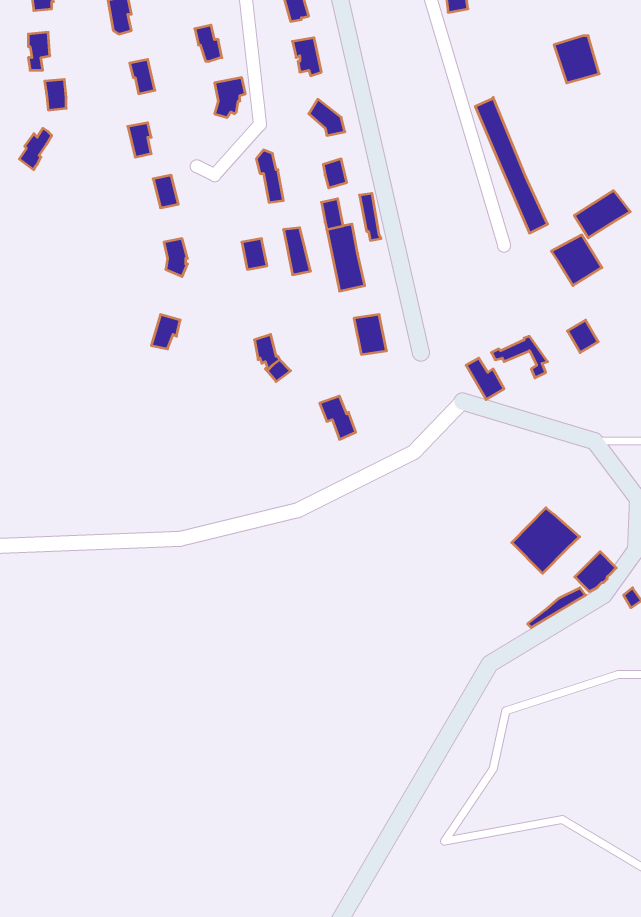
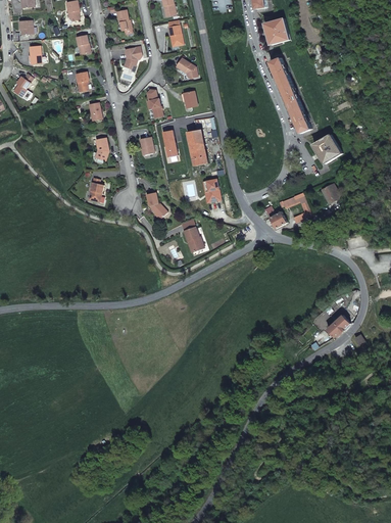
building: [554,36,599,83] -> [264,18,290,45]
building: [574,191,630,238] -> none
building: [512,508,580,573] -> none

